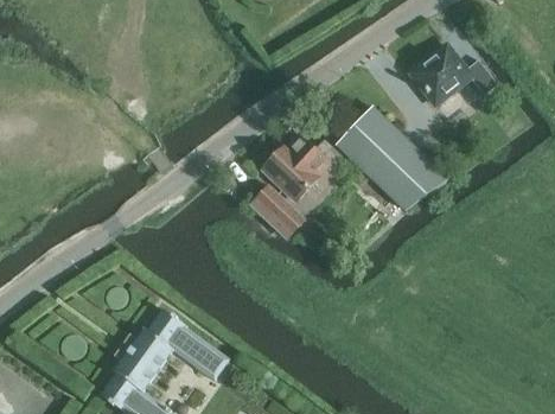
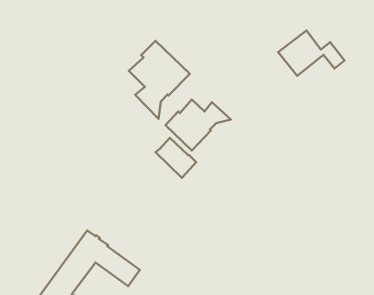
building: none -> [129,41,190,119]
building: [336,107,448,210] -> none

